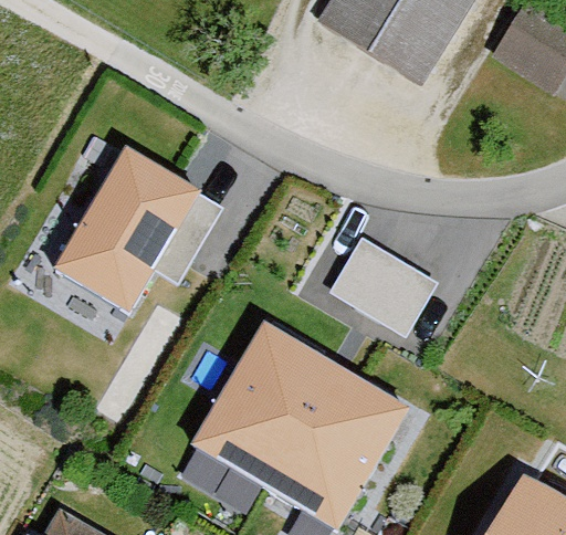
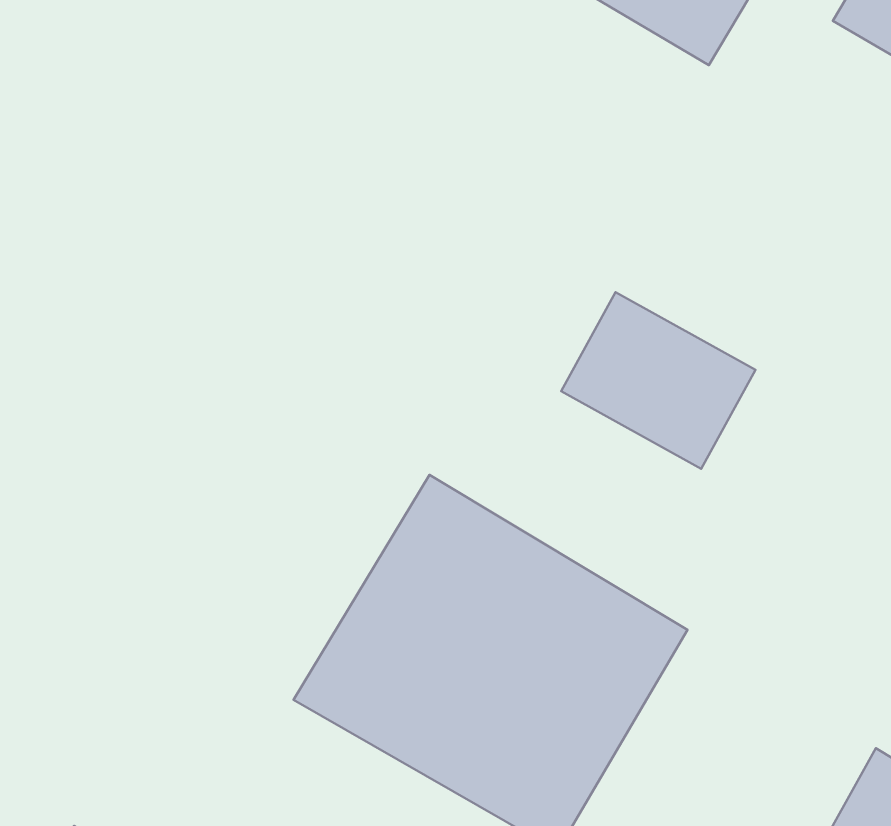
building: [52,144,201,316] -> none

